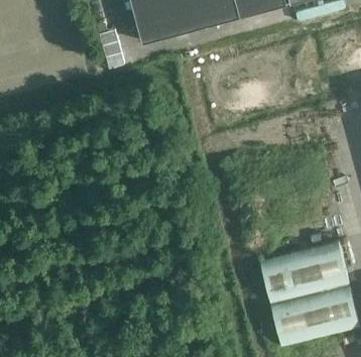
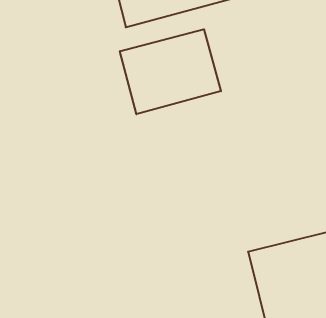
building: none -> [120,29,221,114]

